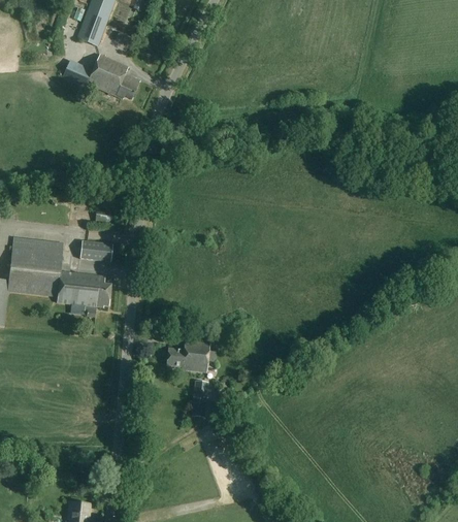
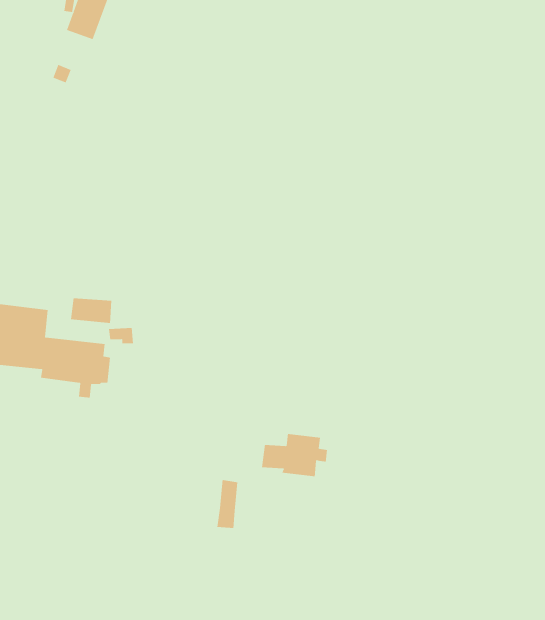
building: [87,53,139,98] -> none
building: [165,338,216,371] -> [261,434,328,477]

